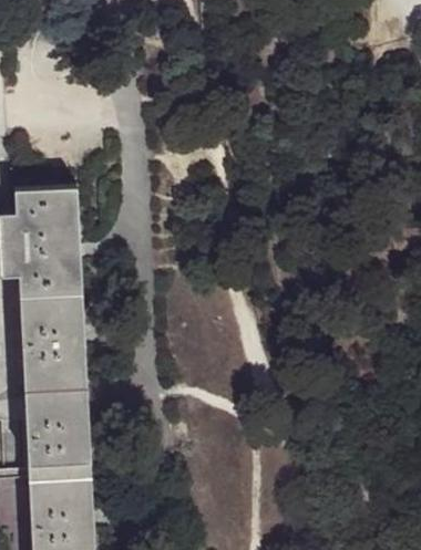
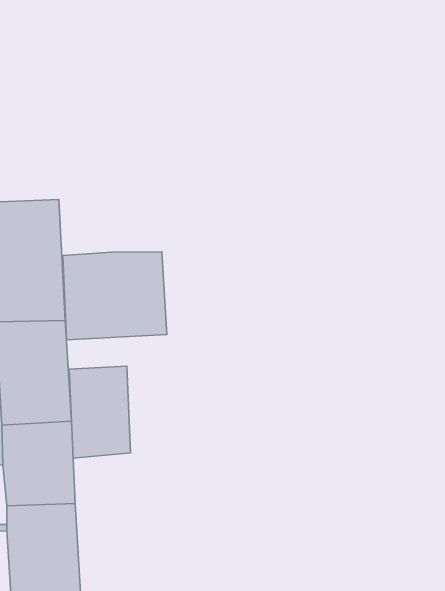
building: none -> [63,252,167,340]
building: none -> [69,366,131,458]

